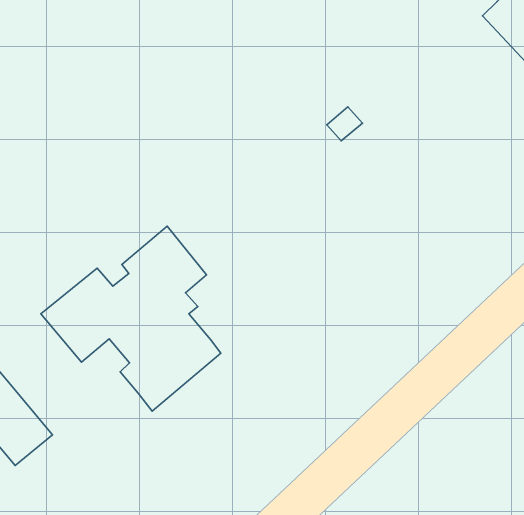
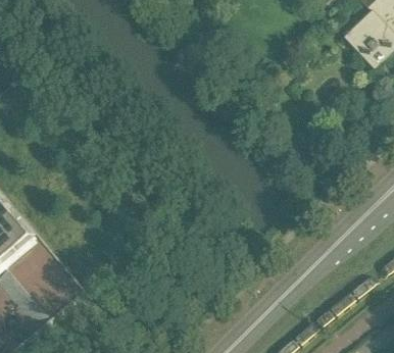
building: [41,226,221,411] -> none

